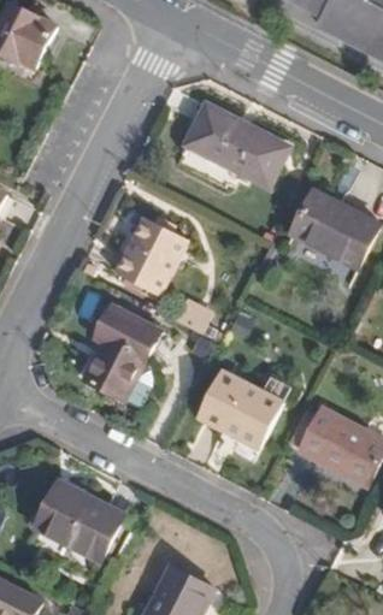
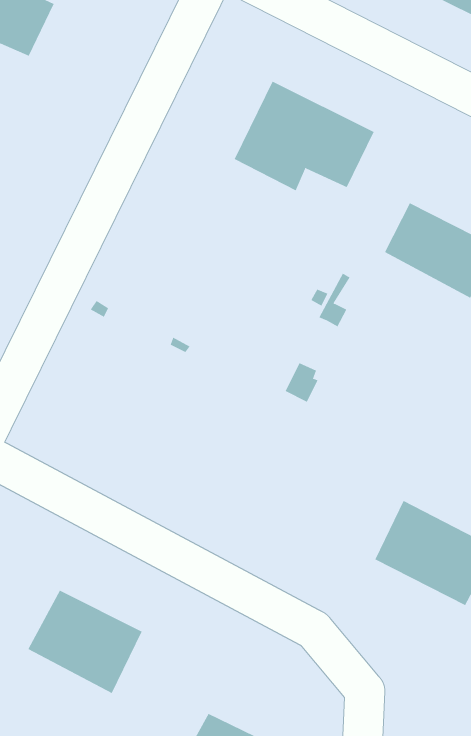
building: [117,213,190,292] -> none
building: [92,306,164,398] -> none
building: [199,375,279,449] -> none

